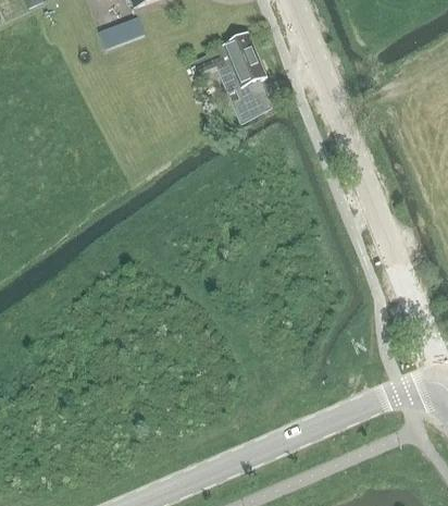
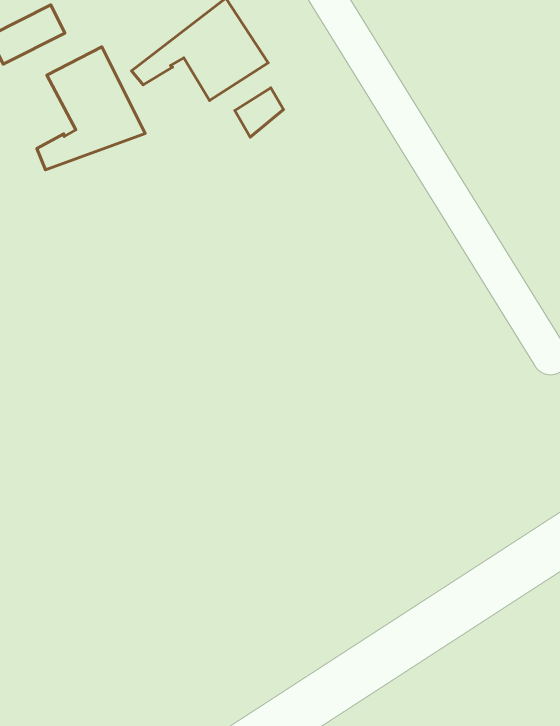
building: none -> [37,47,145,170]

